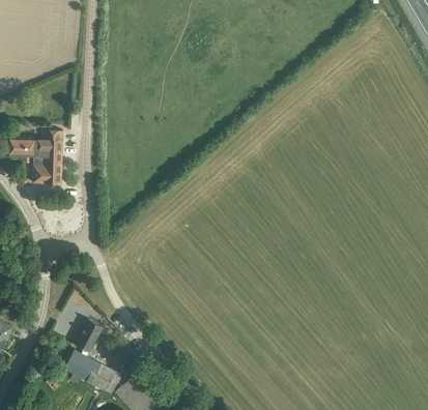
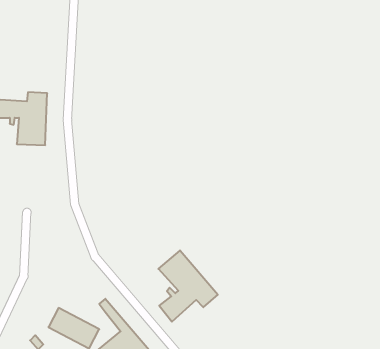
building: none -> [158,250,218,322]
building: [74,319,102,351] -> none

